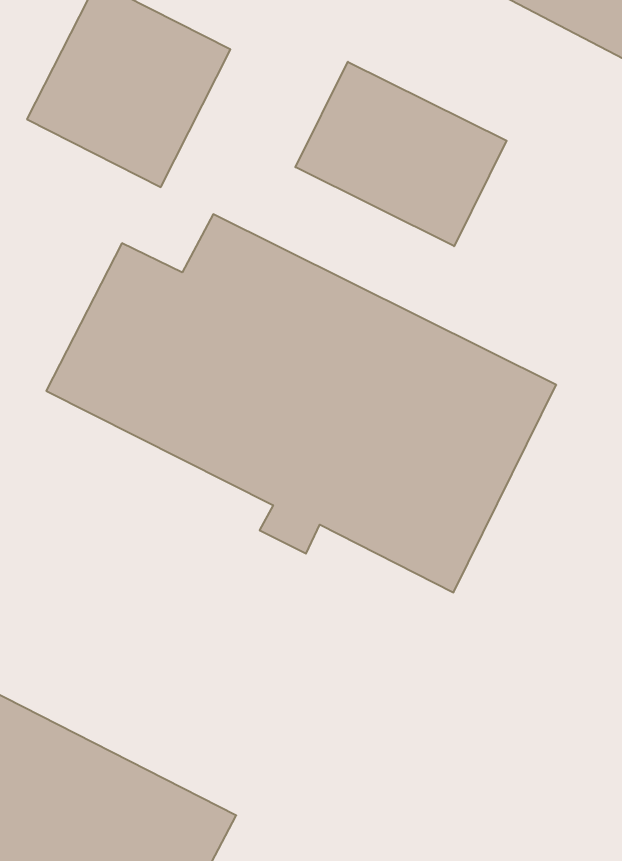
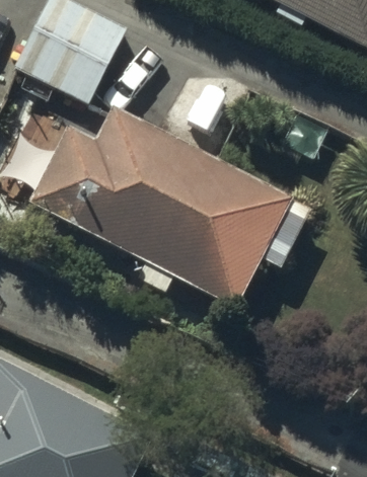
building: [295,62,507,246] -> none

